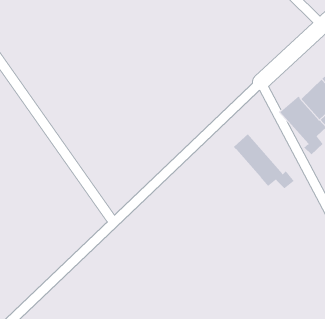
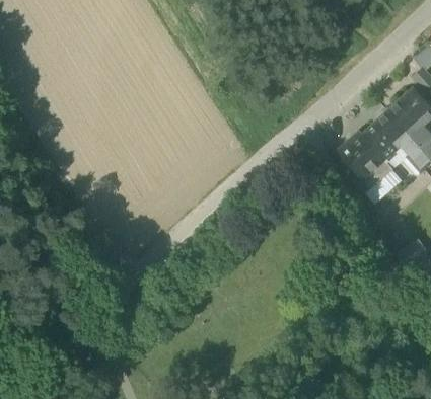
building: [233,134,294,189] -> none

